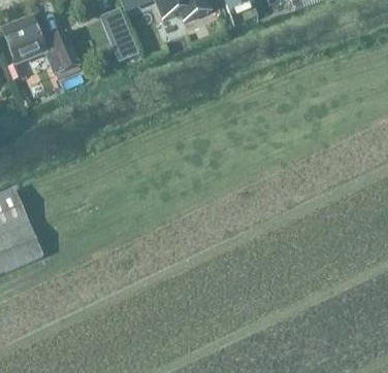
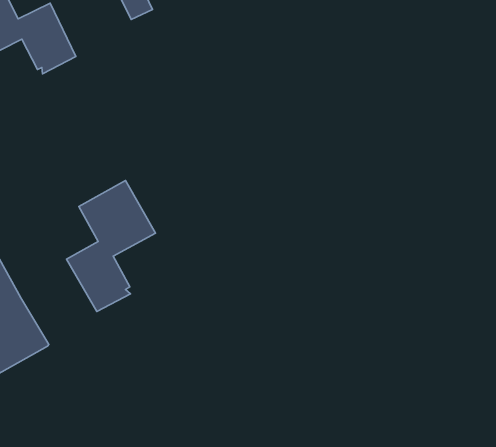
building: none -> [67,181,155,312]

